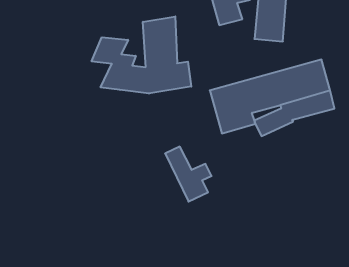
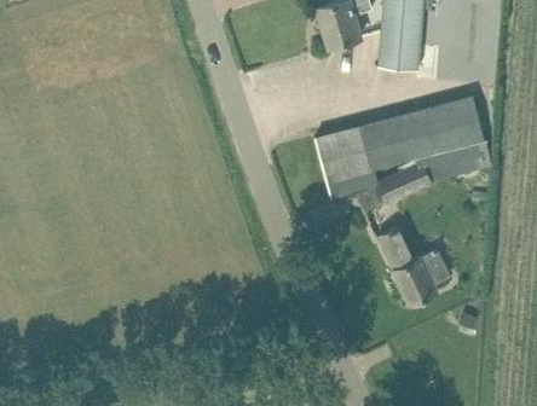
building: [92,16,191,94] -> none
building: [165,147,212,202] -> [377,227,443,304]

